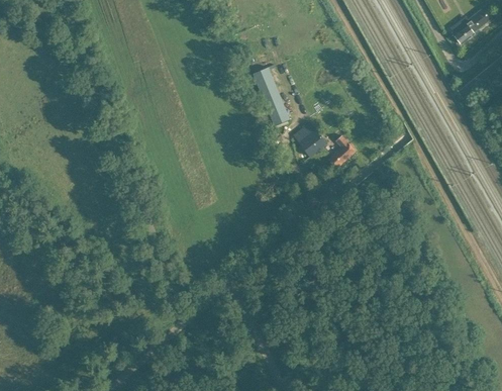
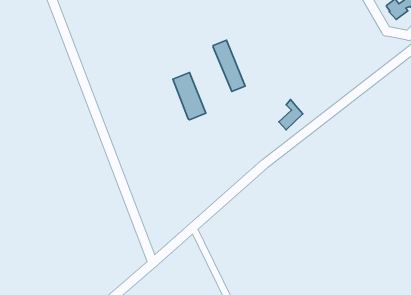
building: none -> [173,72,206,120]
building: [293,122,327,158] -> none

